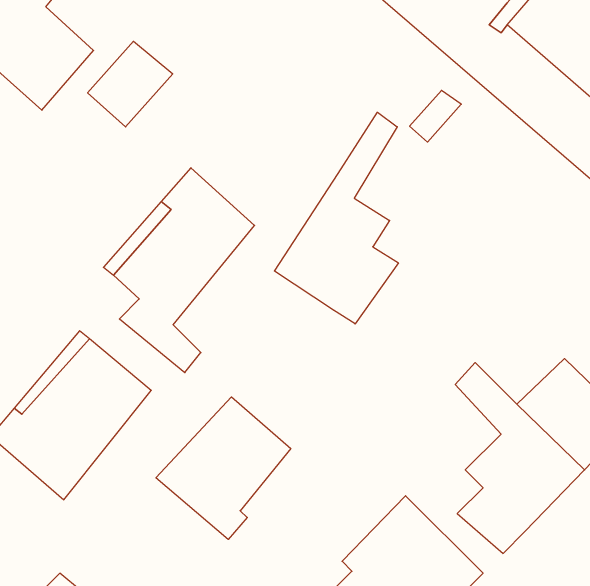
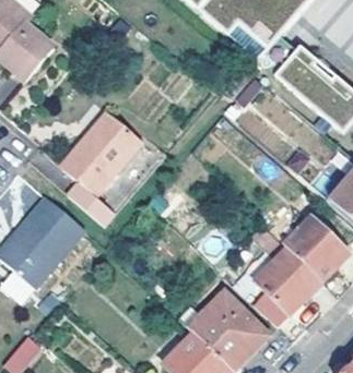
building: [88,41,173,127] -> none
building: [274,112,398,324] -> none
building: [156,397,291,539] -> none

